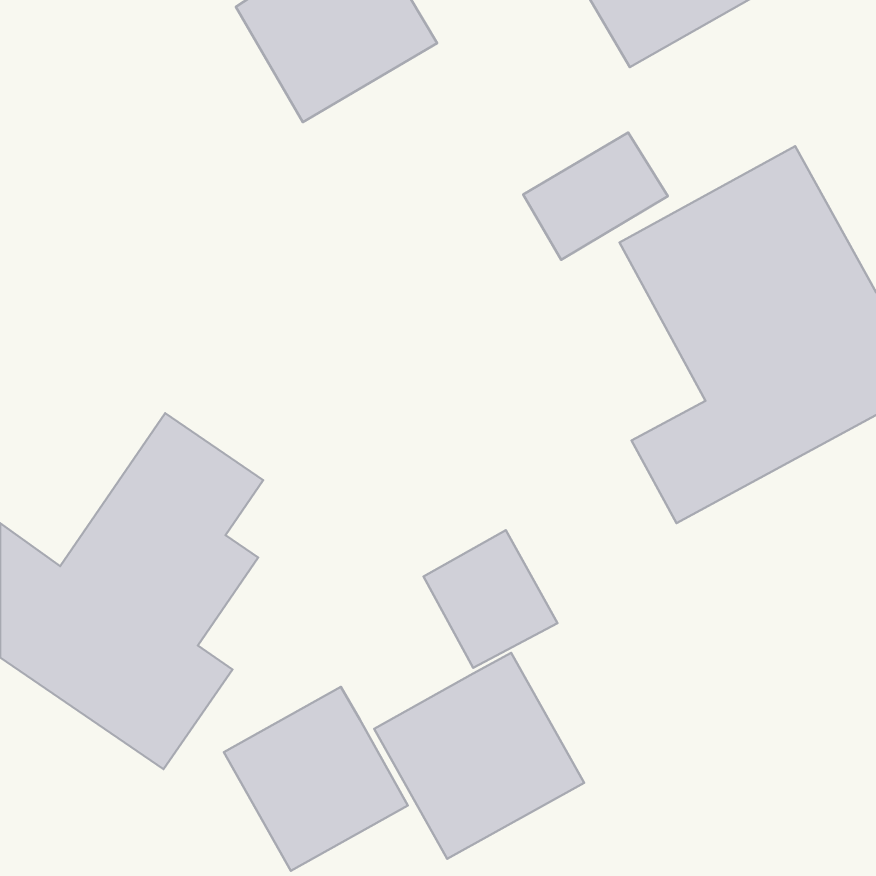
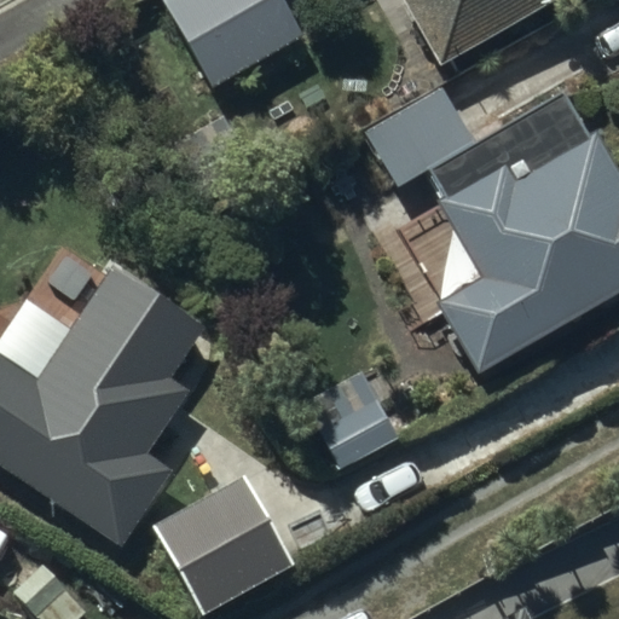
building: [374,653,584,859] -> none

